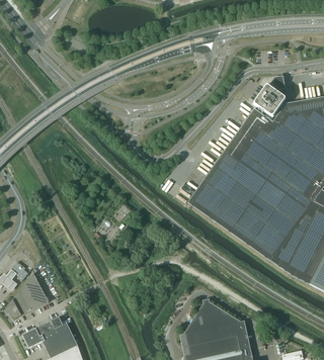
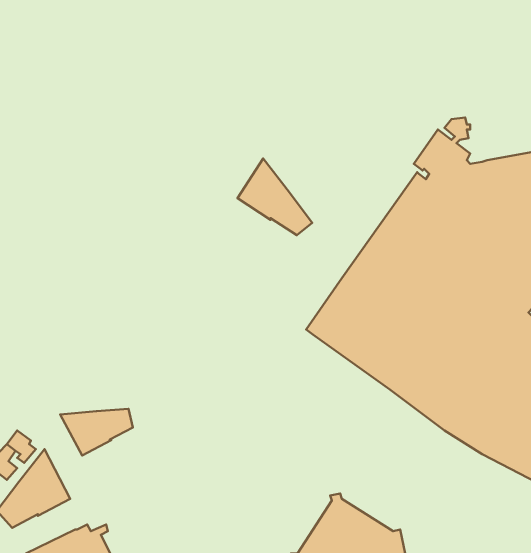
building: none -> [238,158,312,235]
building: none -> [60,409,133,455]

